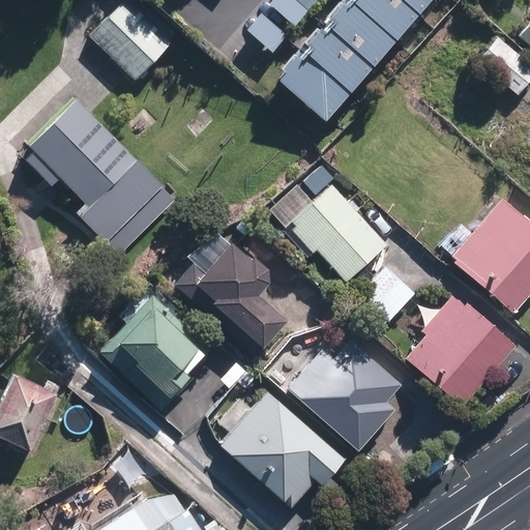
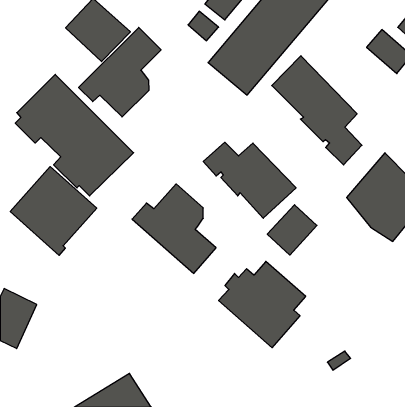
building: none -> [79,27,161,117]
building: none -> [272,56,362,165]
building: [100,295,212,410] -> [10,167,97,255]
building: [407,296,514,405] -> none
building: [220,390,347,507] -> none

